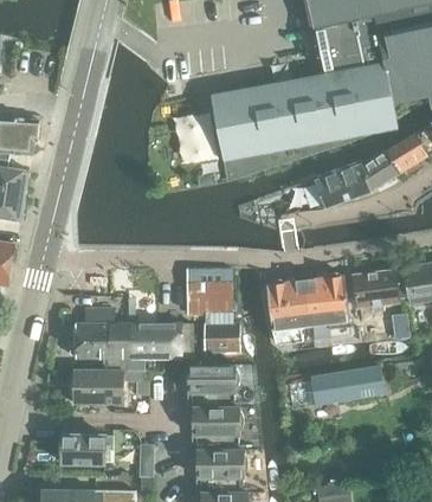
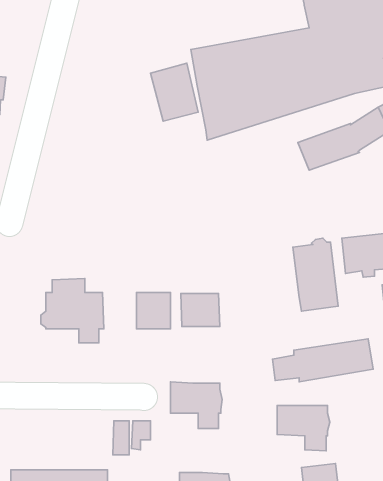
building: [186,270,233,324] -> none
building: [269,281,316,346] -> none
building: [129,323,161,358] -> none
building: [188,366,237,408] -> none
building: [70,371,148,405] -> none
building: [59,435,112,463] -> none
building: [196,451,246,494] -> [277,406,330,451]

